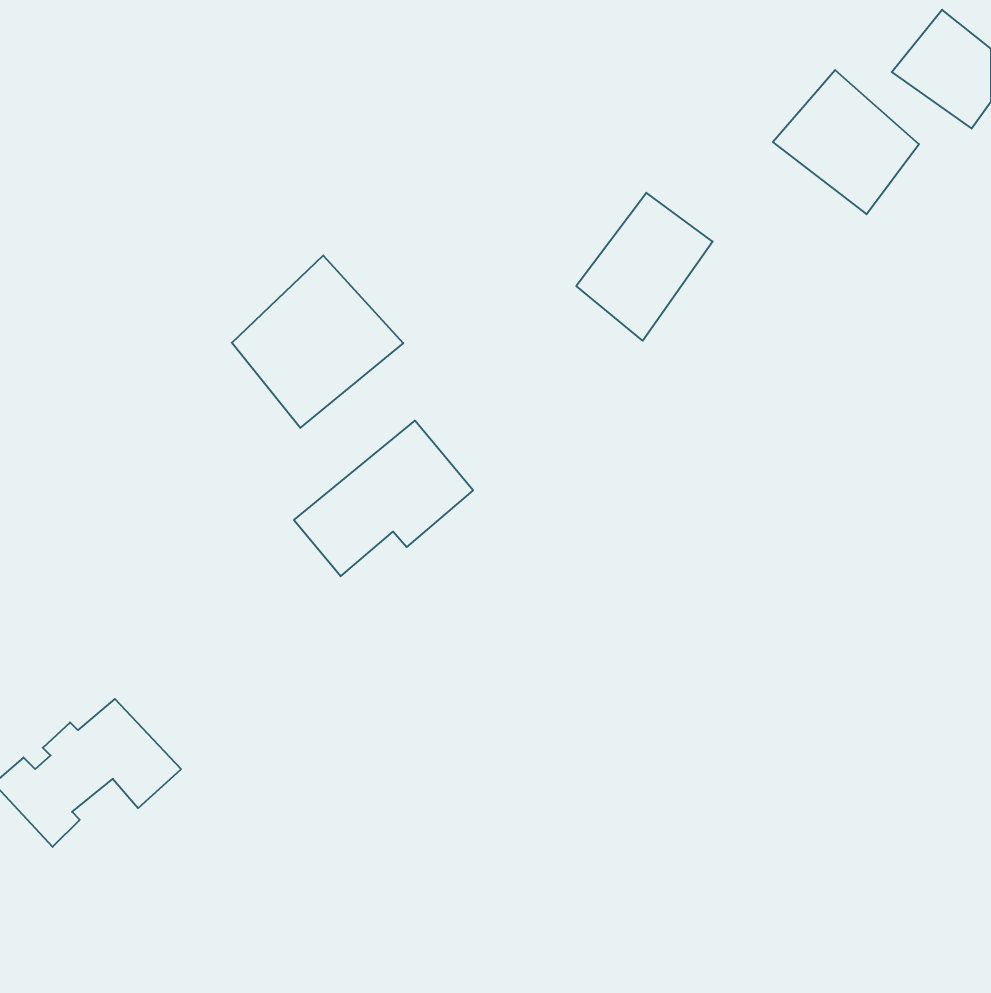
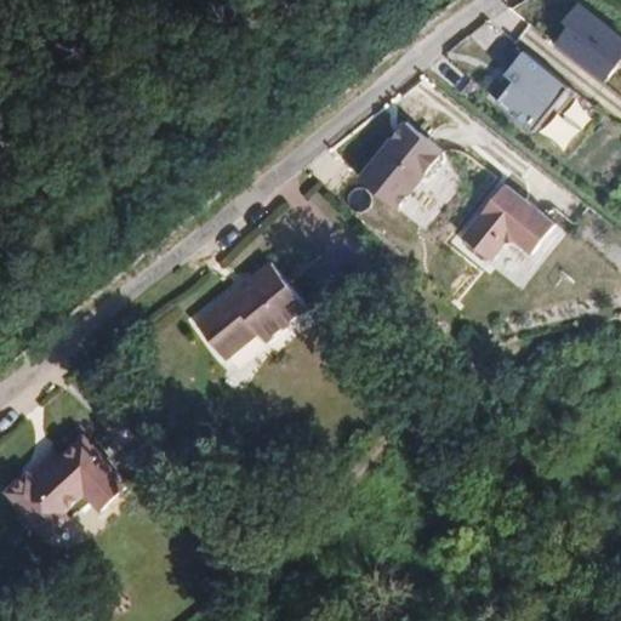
building: [232,255,403,428] -> none
building: none -> [465,183,558,258]

